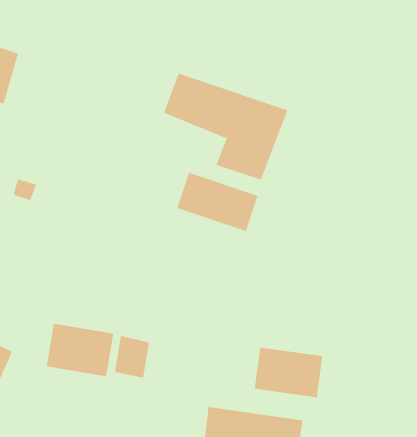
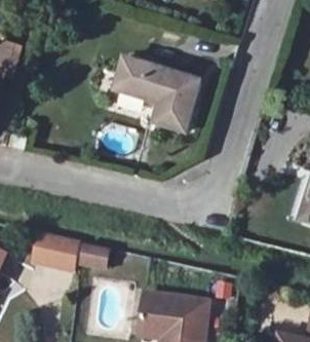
building: [177,172,258,232] -> none
building: [254,347,323,398] -> none

